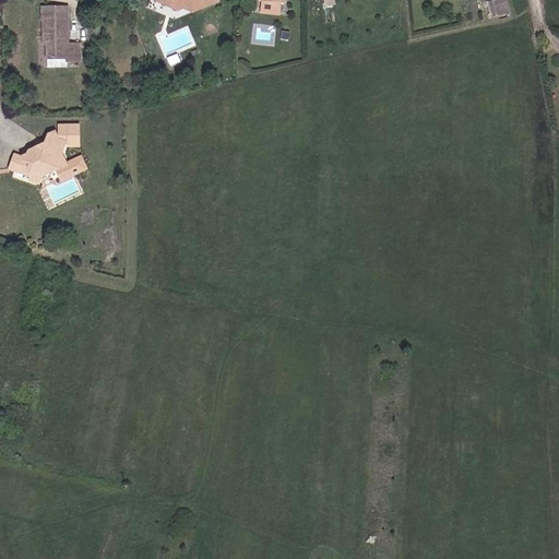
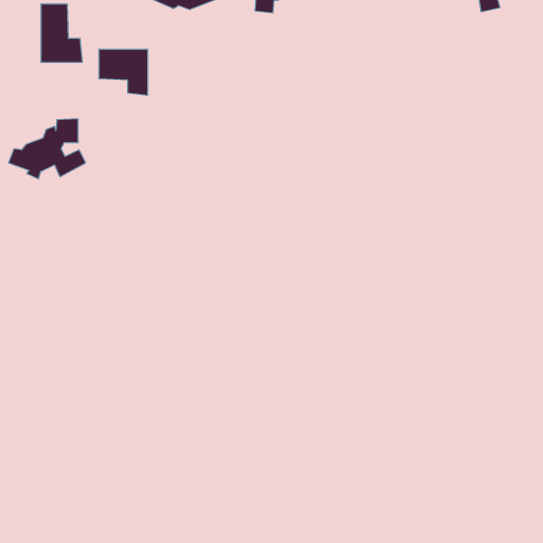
building: none -> [99,49,147,95]

